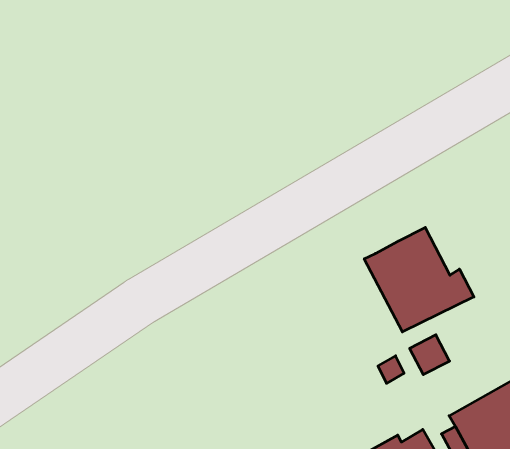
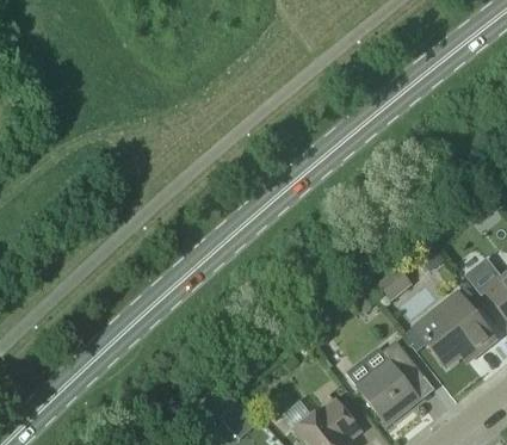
building: [364,227,474,332] -> none

